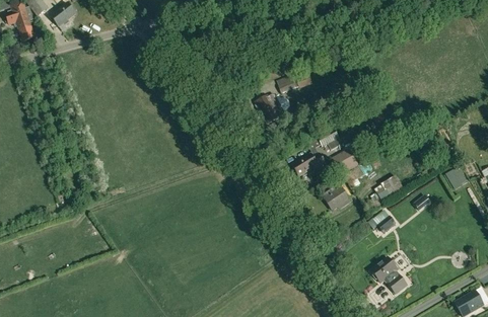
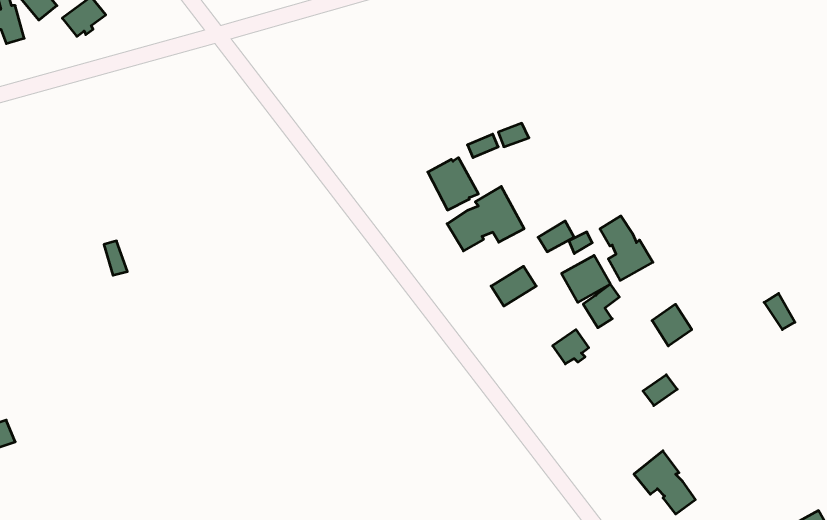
building: none -> [447,186,524,251]
building: none -> [600,216,653,280]

